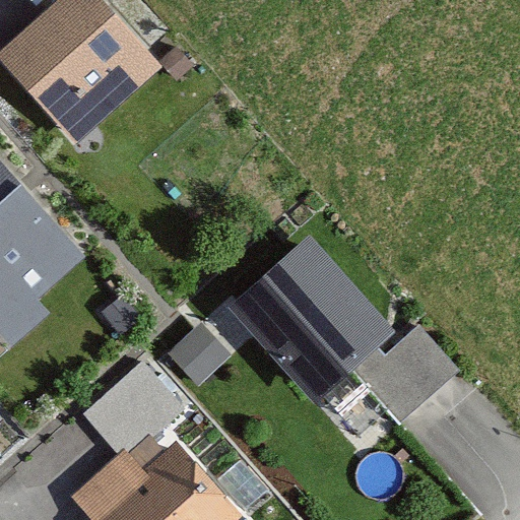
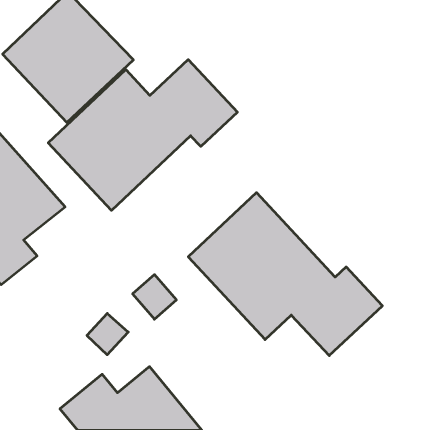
building: none -> [48,60,237,210]

